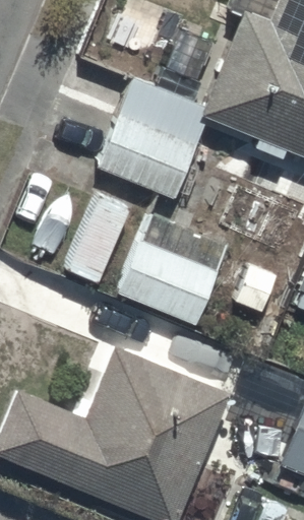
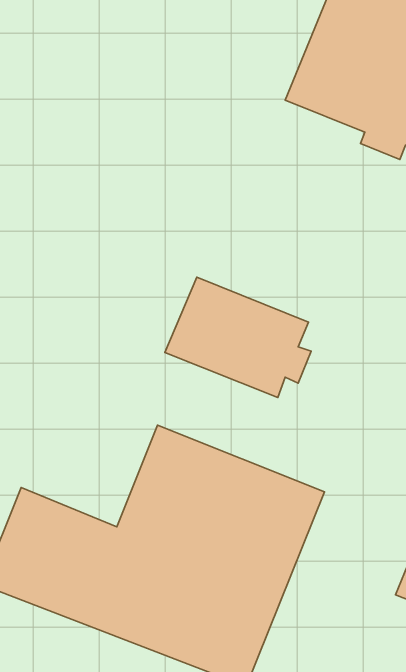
building: [98,78,204,199] -> none

